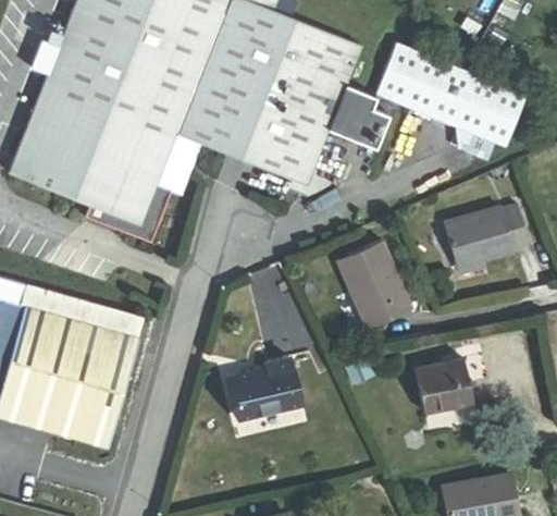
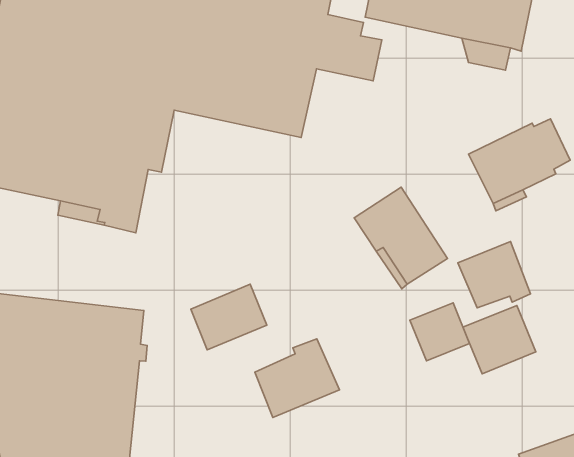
building: none -> [191,284,267,350]
building: none -> [458,242,531,308]
building: none -> [410,303,470,361]

